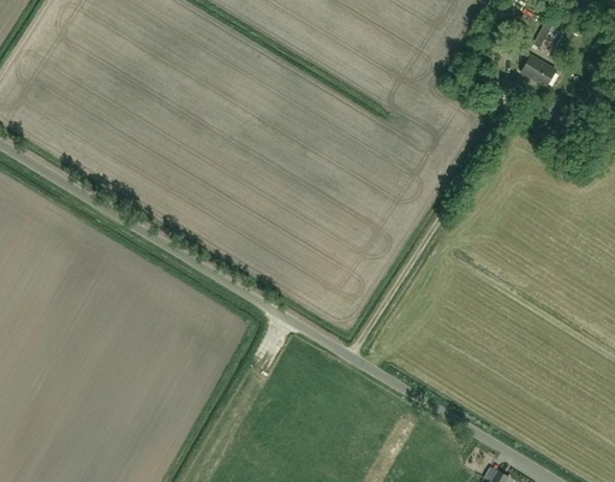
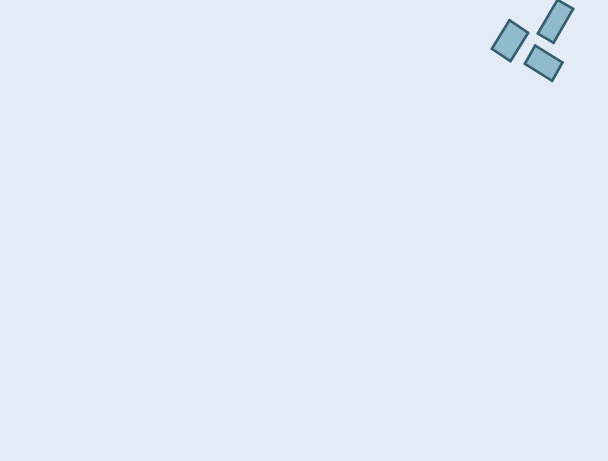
building: none -> [492,20,528,61]

